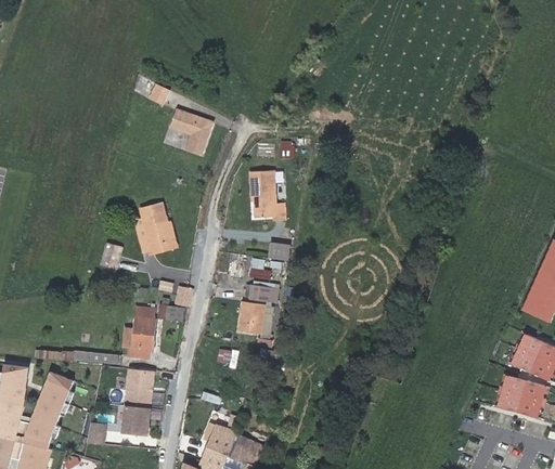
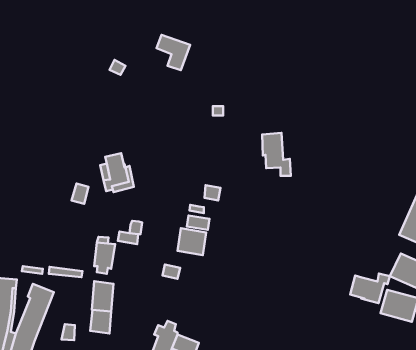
building: [169,108,212,154] -> [156,35,190,70]
building: [249,172,286,227] -> [262,133,291,176]
building: none -> [350,273,390,303]

